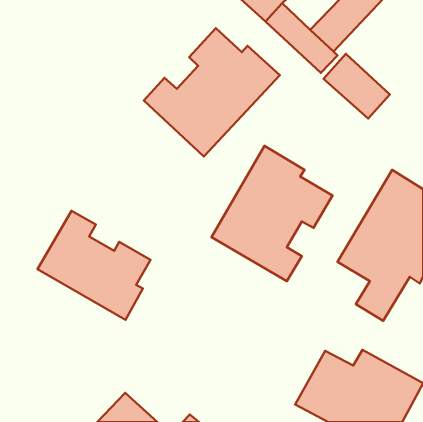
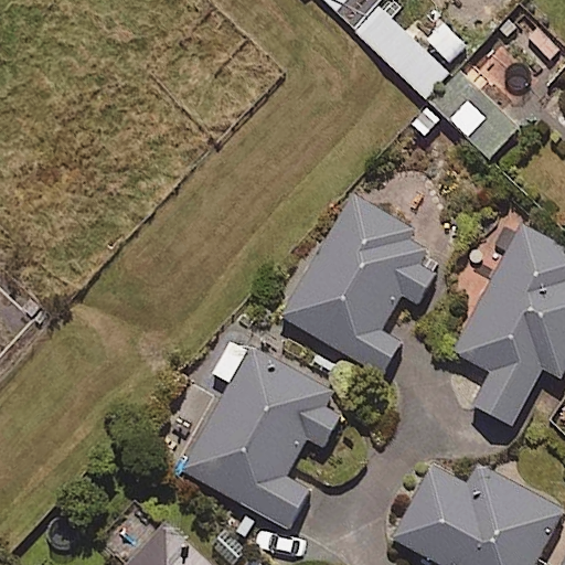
building: [144,28,280,156] -> none
building: [38,211,151,320] -> none
building: none -> [182,333,349,530]

